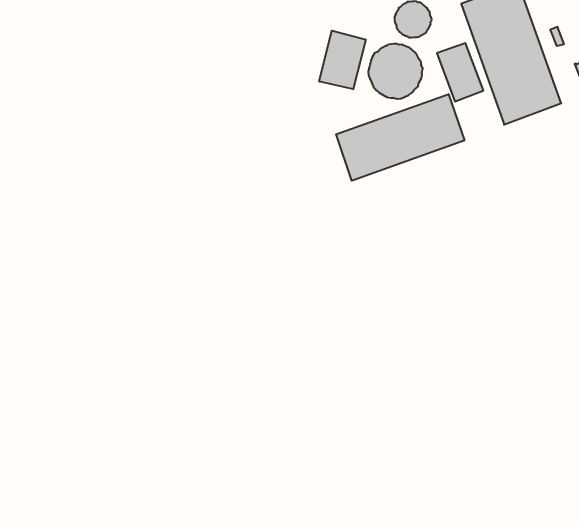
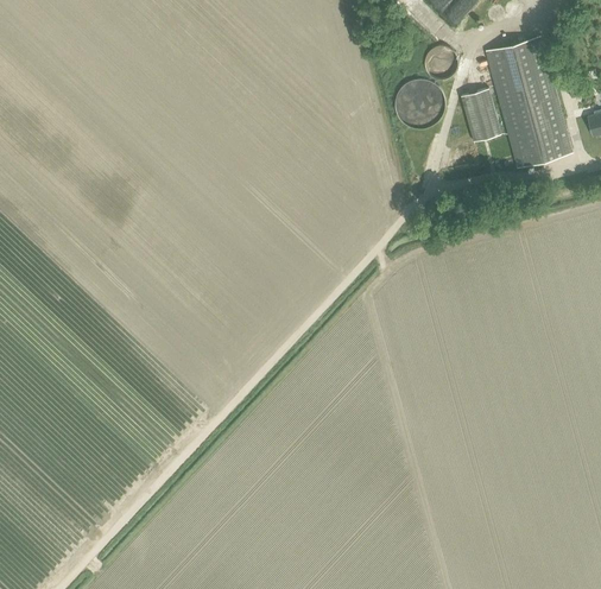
building: [319,31,366,89] -> none
building: [336,94,464,181] -> none

